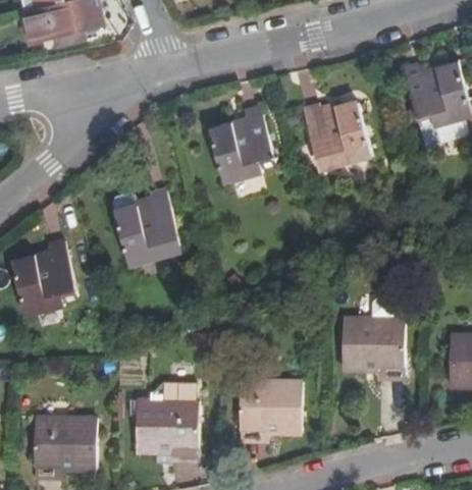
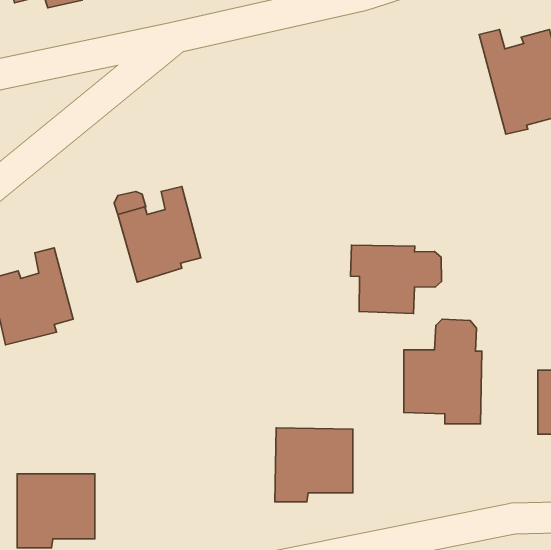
building: [302,102,371,164] -> none
building: [209,106,275,182] -> none
building: none -> [351,245,441,314]
building: [138,380,199,459] -> none

